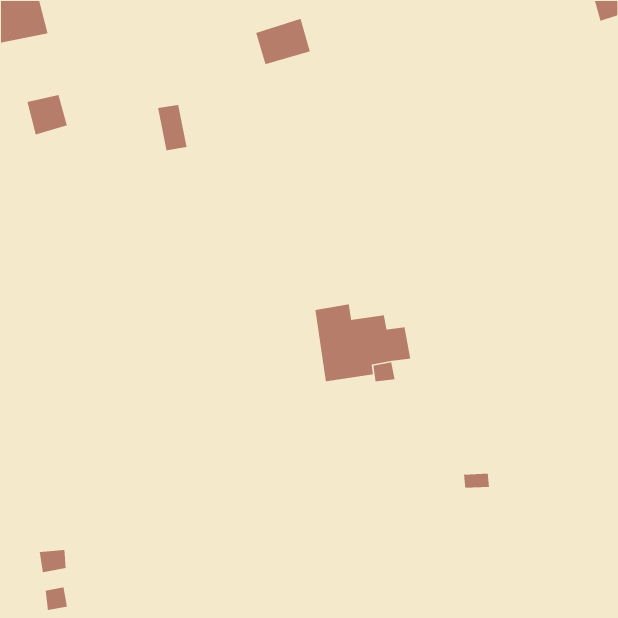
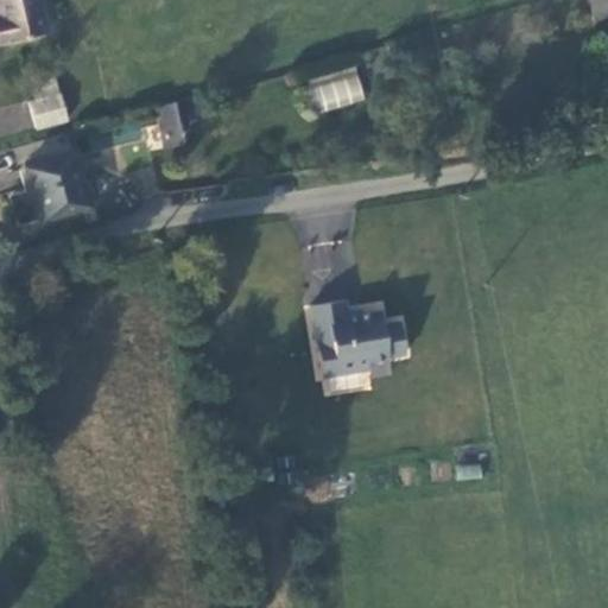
building: [255,18,311,65] -> [310,66,365,113]
building: none -> [24,152,86,221]

